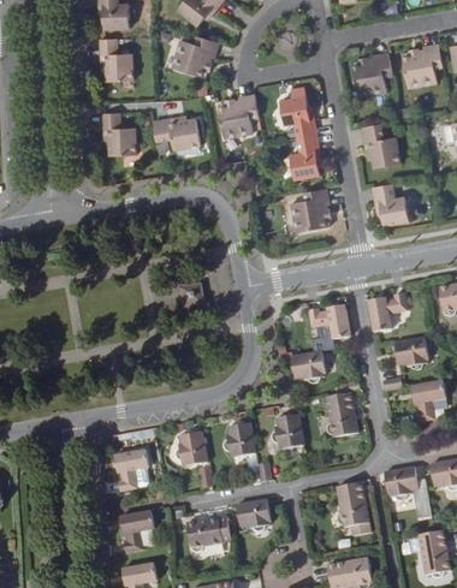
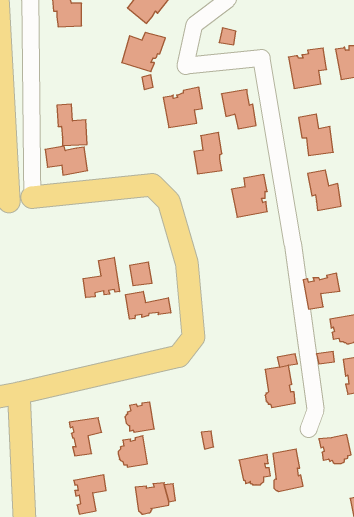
building: [101,37,132,82] -> none
building: [154,118,200,149] -> [45,146,88,175]
building: [291,135,321,179] -> [194,132,222,174]
building: none -> [83,257,120,298]
building: [310,304,351,339] -> none
building: none -> [126,291,171,319]
building: [293,351,326,382] -> none
building: [271,415,304,447] -> none
building: [225,422,256,456] -> [118,436,147,467]
building: [236,499,269,531] -> [239,454,270,485]

